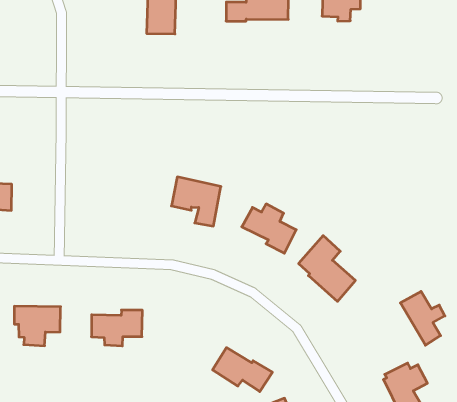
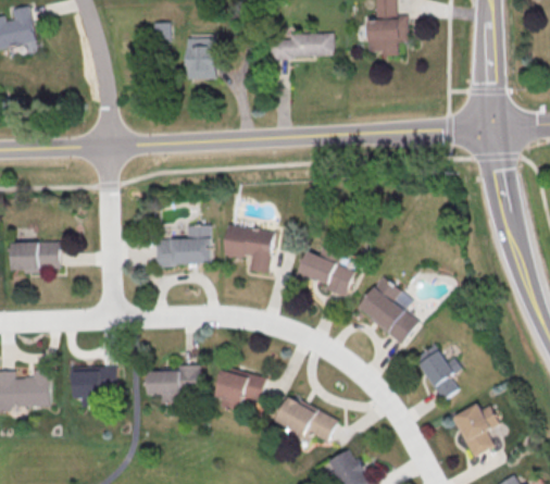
building: none -> [154,226,212,269]
building: [400,291,445,345] -> [414,344,461,399]
building: none -> [216,365,266,408]

